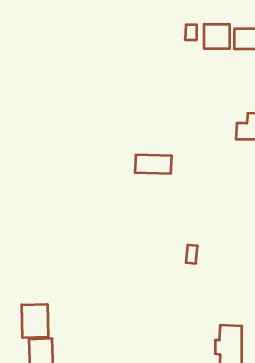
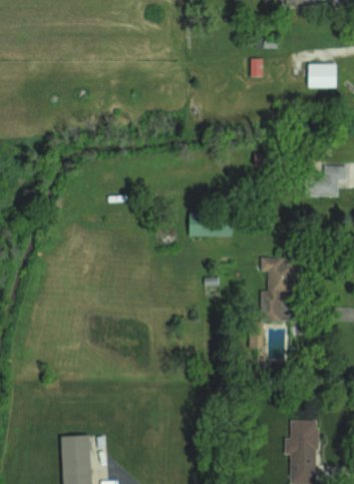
building: [204,24,229,49] -> none
building: none -> [261,257,293,321]
building: [22,304,48,338] -> none

